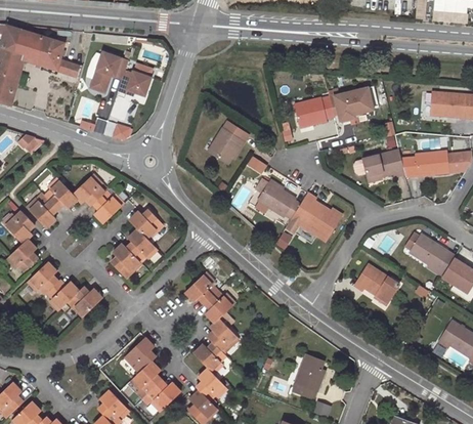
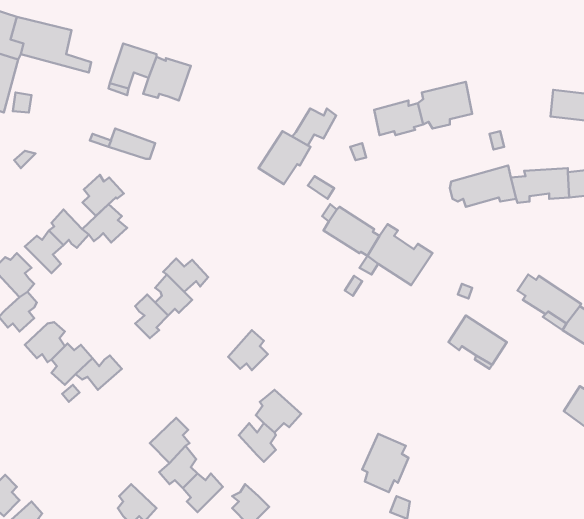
building: none -> [292,109,336,145]
building: [93,195,125,226] -> [83,175,124,216]
building: [203,292,235,325] -> none
building: [196,370,226,401] -> none

